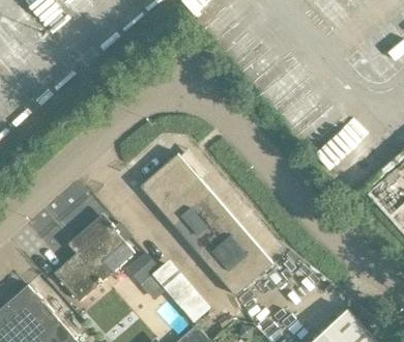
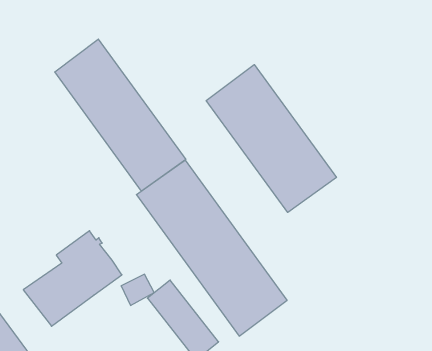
building: none -> [55,39,186,191]
building: none -> [206,65,336,212]

